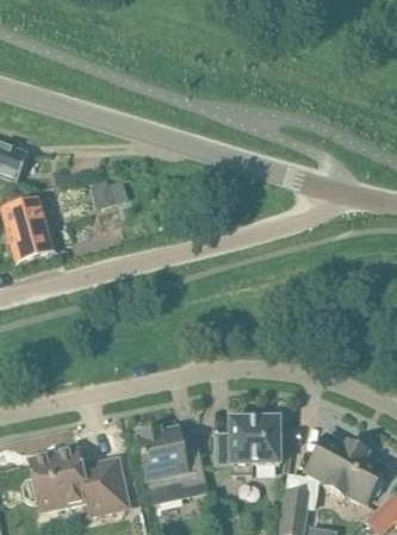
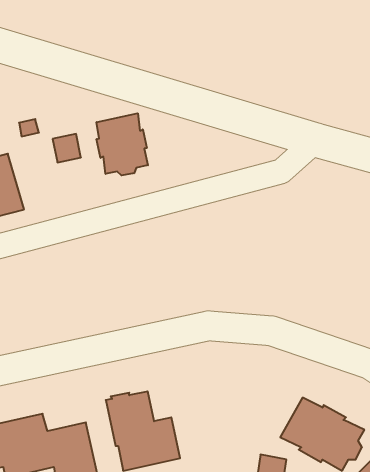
building: none -> [97,113,148,175]
building: [213,412,283,473] -> none

